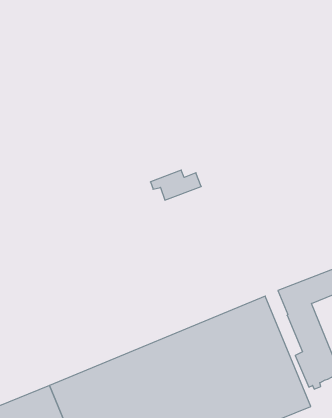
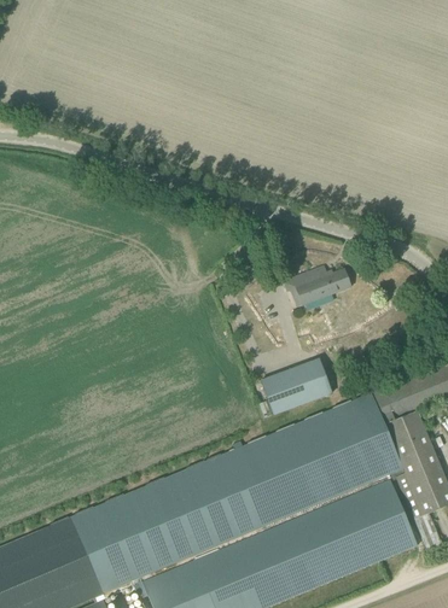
building: [150,170,201,200] -> [284,264,351,304]
building: none -> [261,357,331,414]

